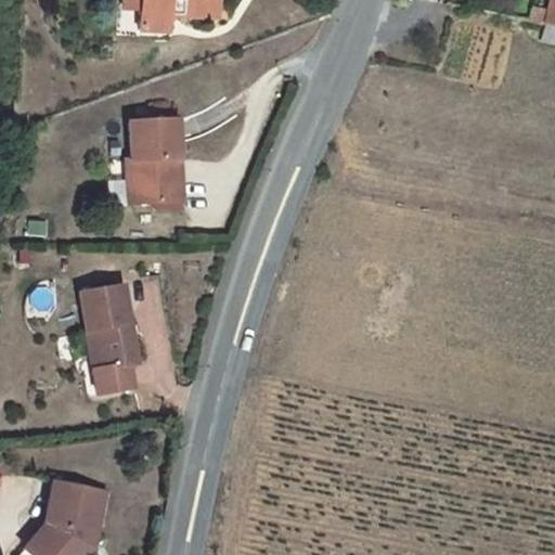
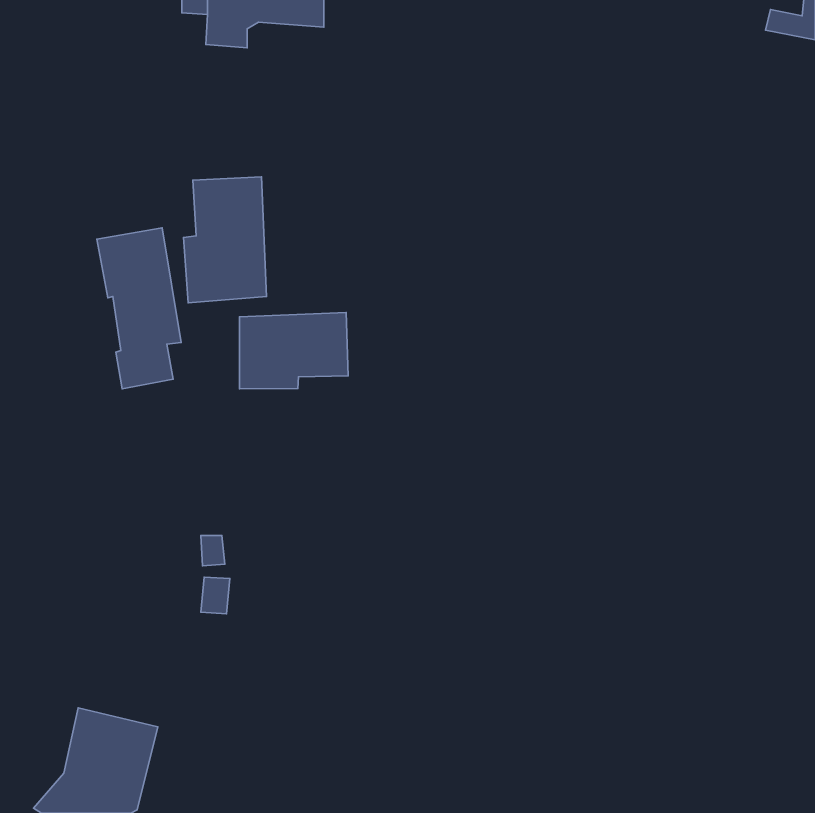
building: none -> [240,313,348,389]
building: [81,283,139,392] -> [97,228,181,389]

